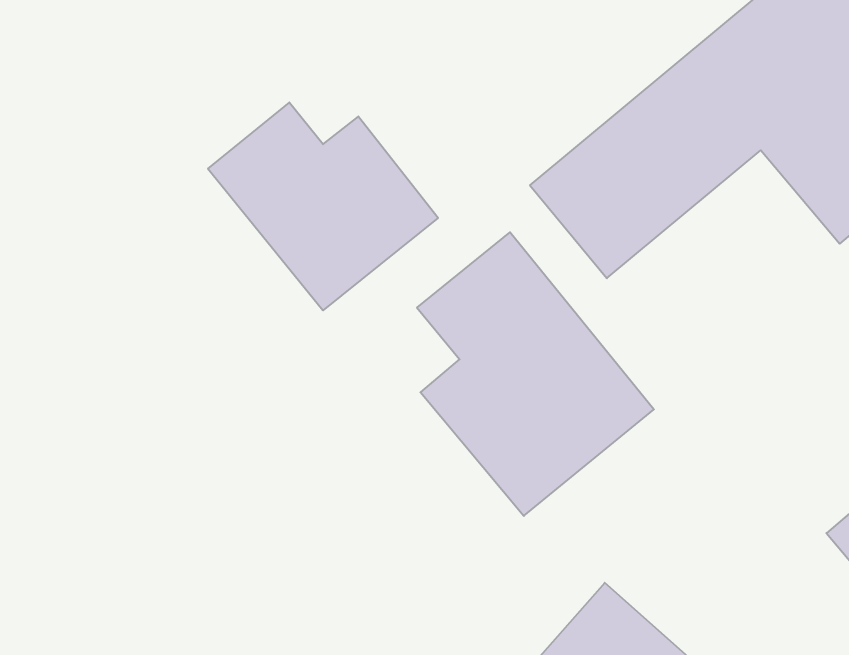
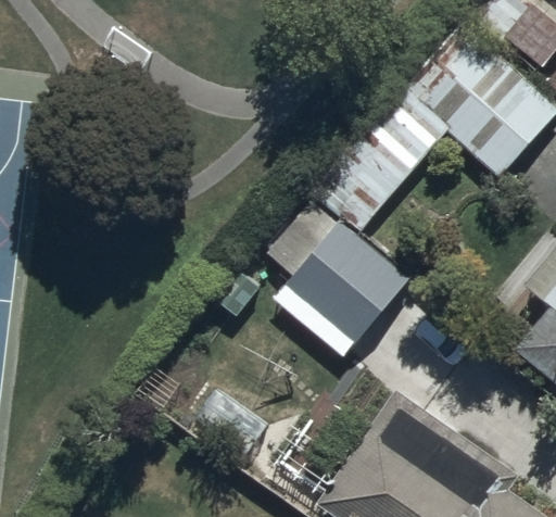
building: [208,102,438,310] -> none

